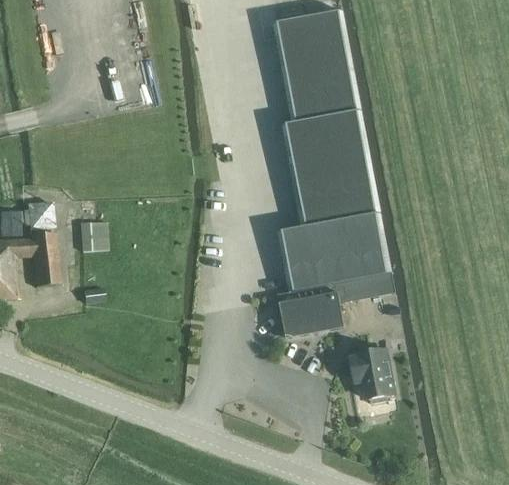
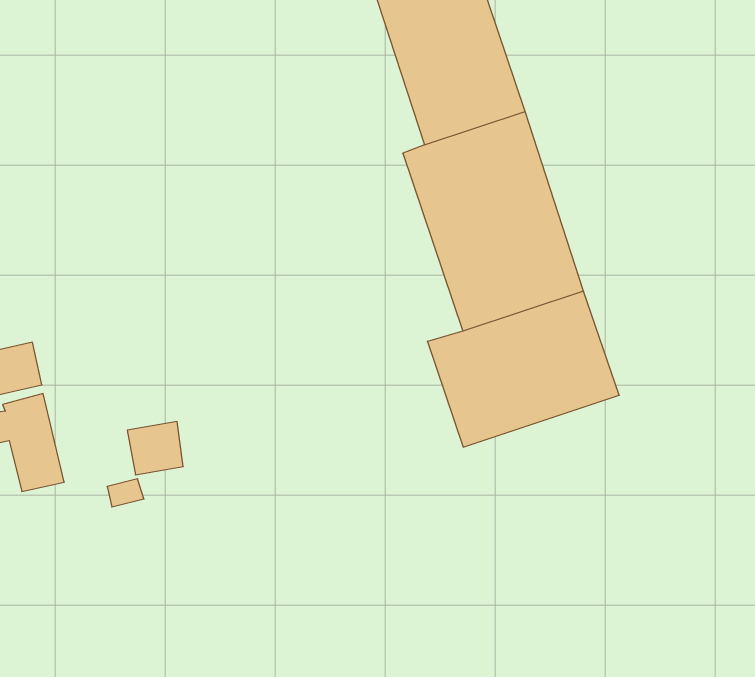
building: [82,221,111,248] -> [127,422,183,475]
building: [278,276,389,338] -> none
building: [355,346,401,401] -> none

